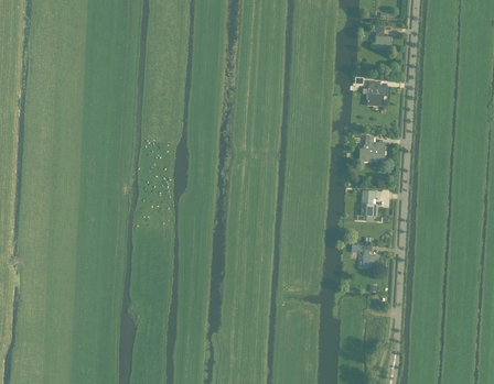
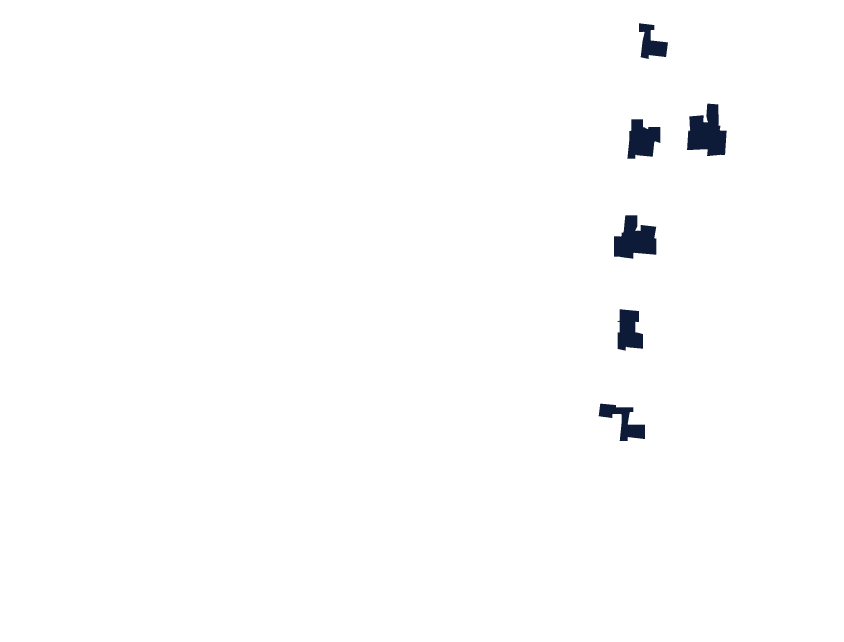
building: none -> [687,103,727,157]

